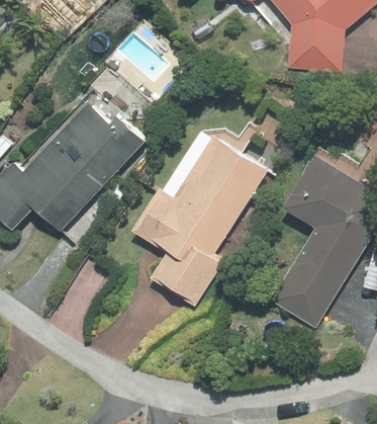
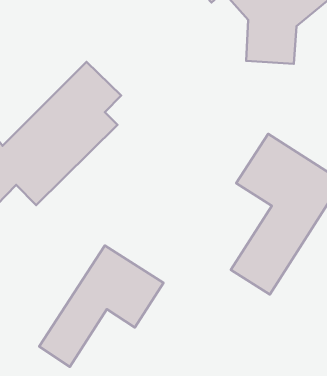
building: [135,129,267,305] -> none
building: none -> [39,245,163,367]

